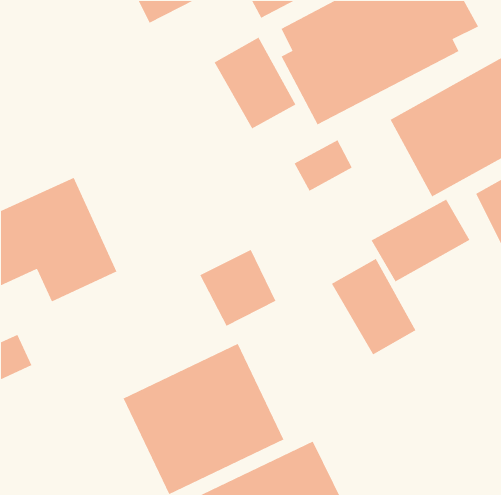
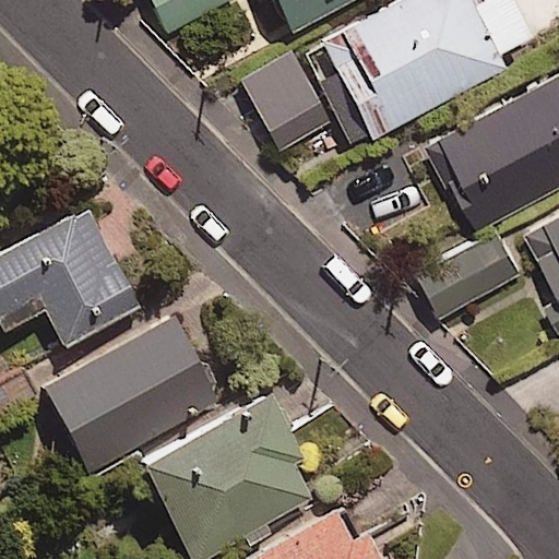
building: [199,249,277,327] -> none
building: [331,258,417,356] -> none
building: none -> [44,317,222,473]

